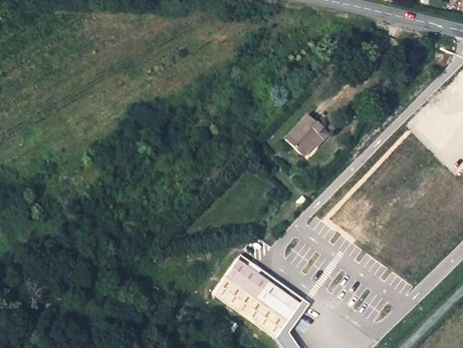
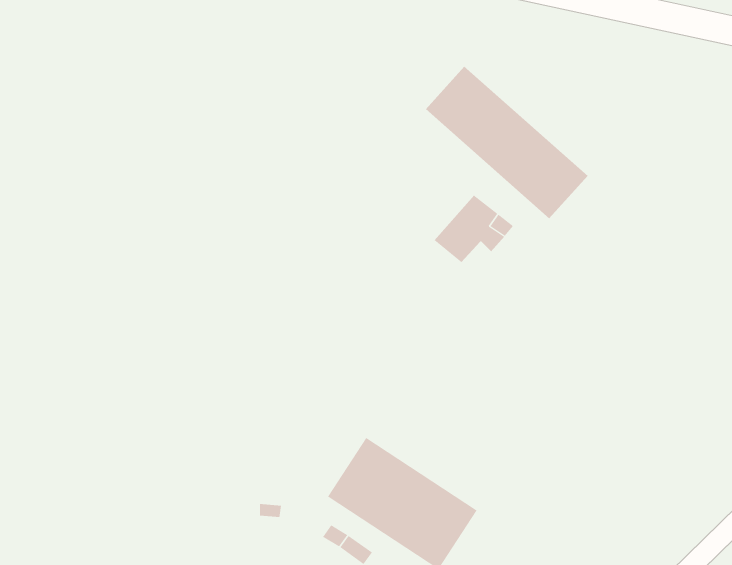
building: none -> [425,66,588,219]

